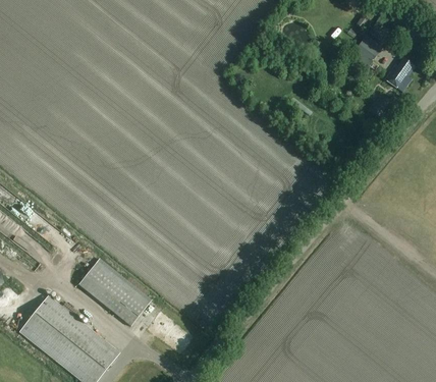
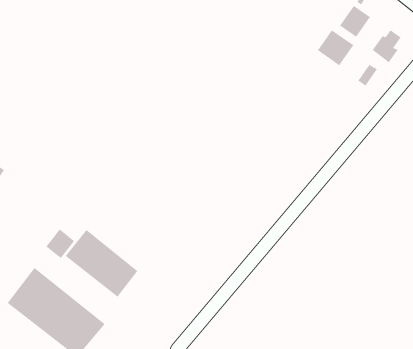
building: none -> [317,29,354,66]
building: none -> [45,229,75,259]

